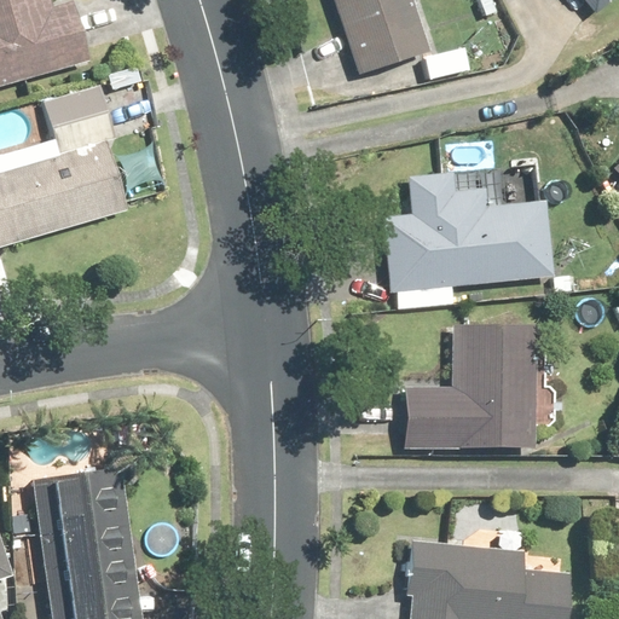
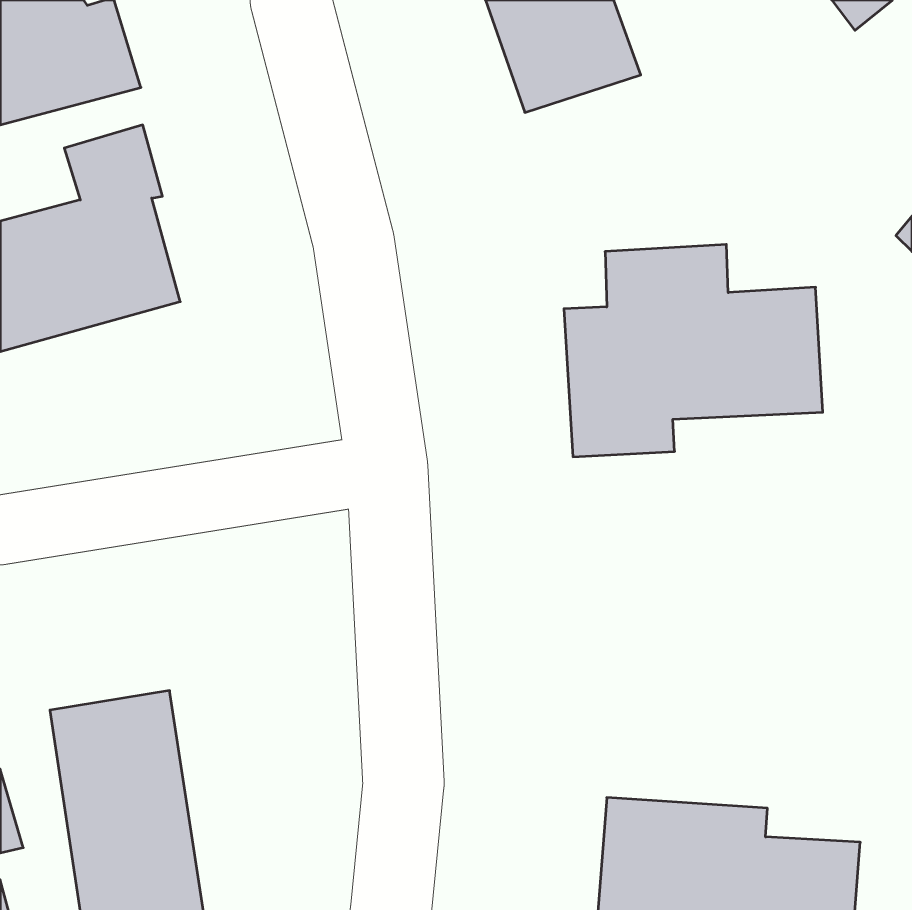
building: [397,322,539,453] -> none

